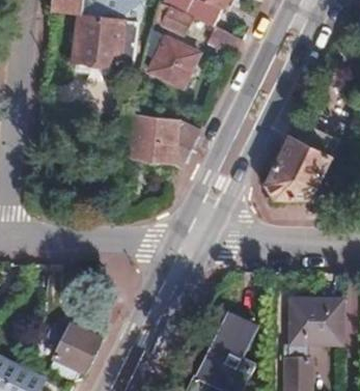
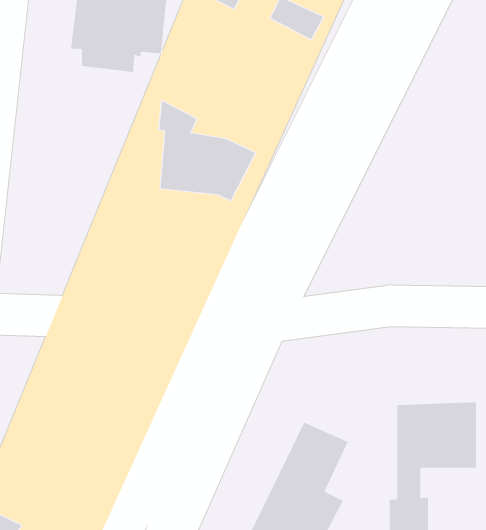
building: [140,35,199,86] -> none
building: [267,127,336,195] -> none
building: [45,320,101,374] -> none

